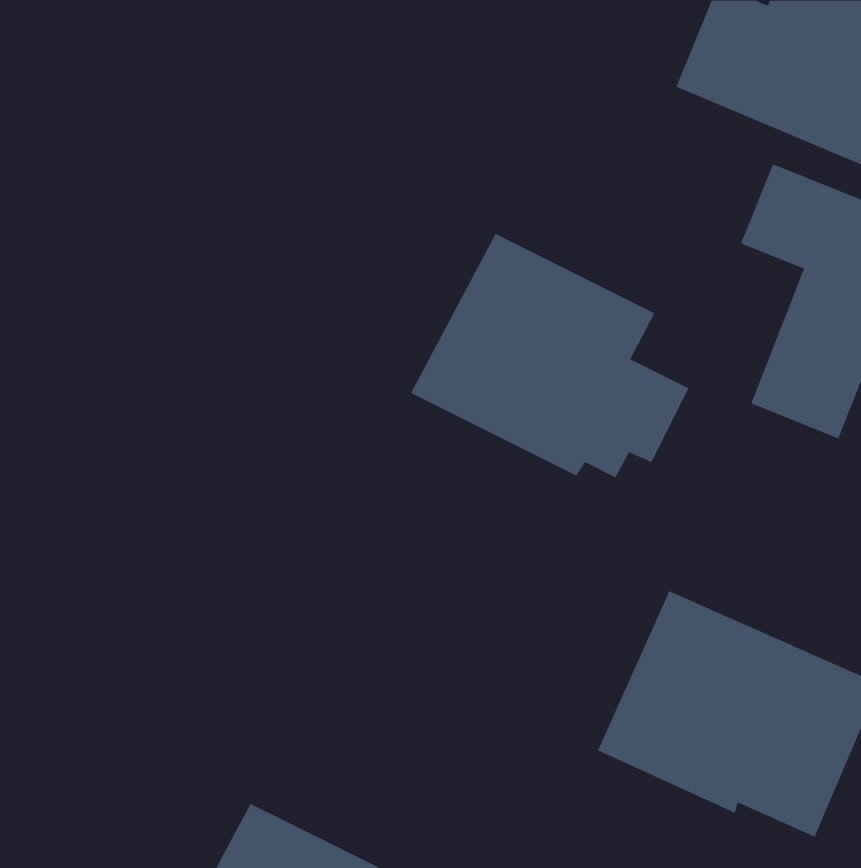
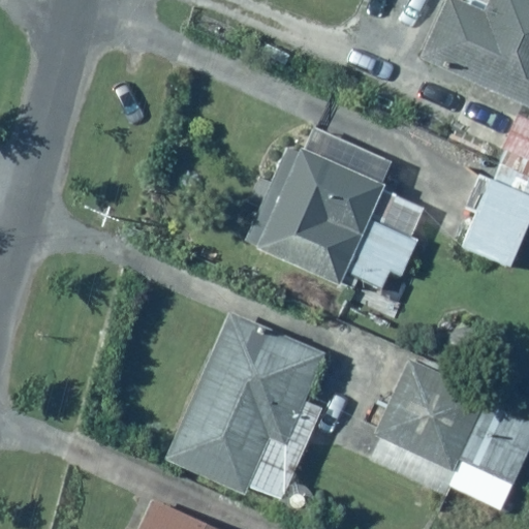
building: none -> [169,312,330,506]

